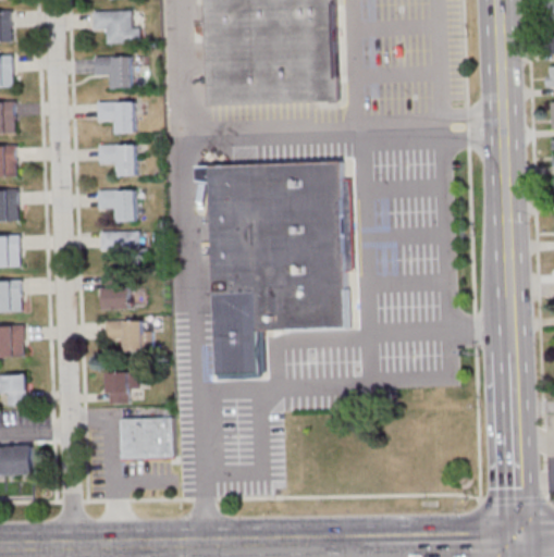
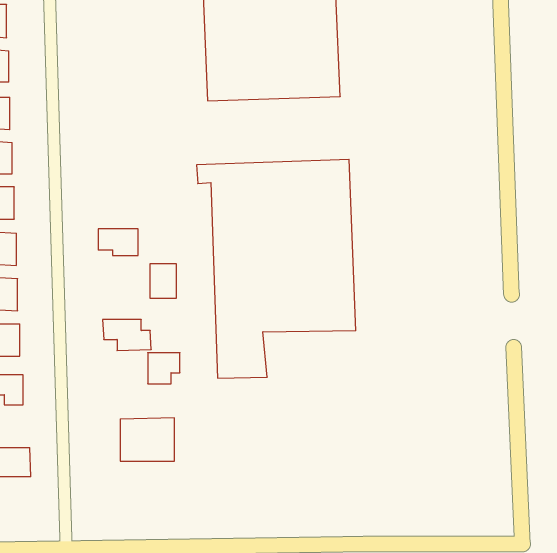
building: [91,10,138,44] -> none
building: [94,55,132,87] -> none
building: [97,101,134,132] -> none
building: [98,144,136,175] -> none
building: [98,189,135,221] -> none
building: [102,274,128,308] -> [150,264,176,298]
building: [104,372,136,403] -> [148,353,180,384]

